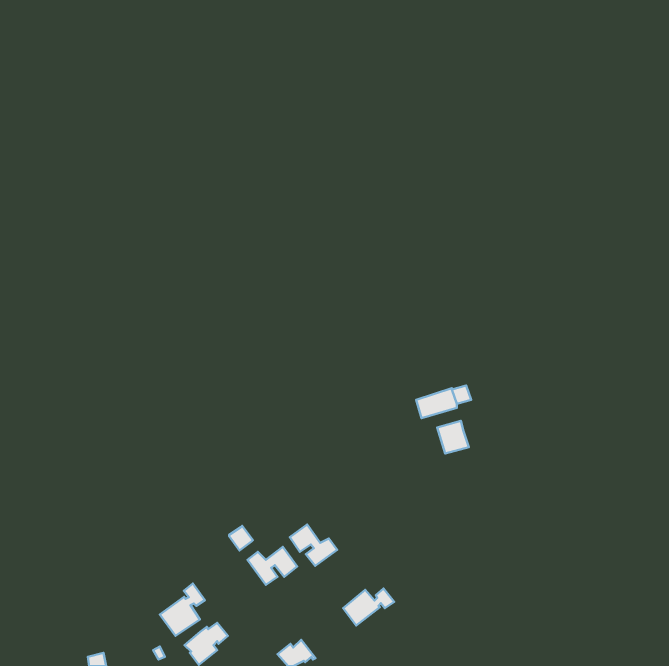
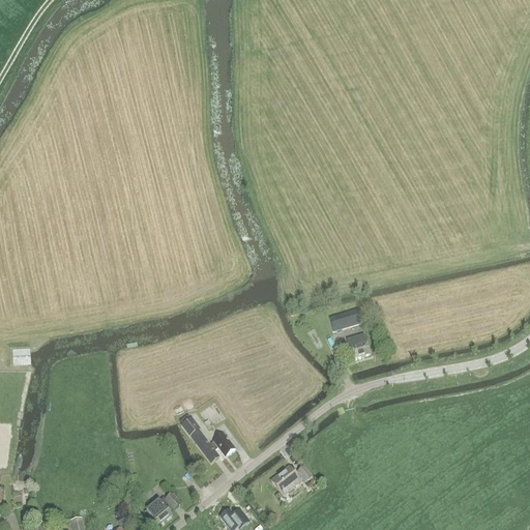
building: [290,525,337,566] -> none
building: [160,584,205,636] -> none

